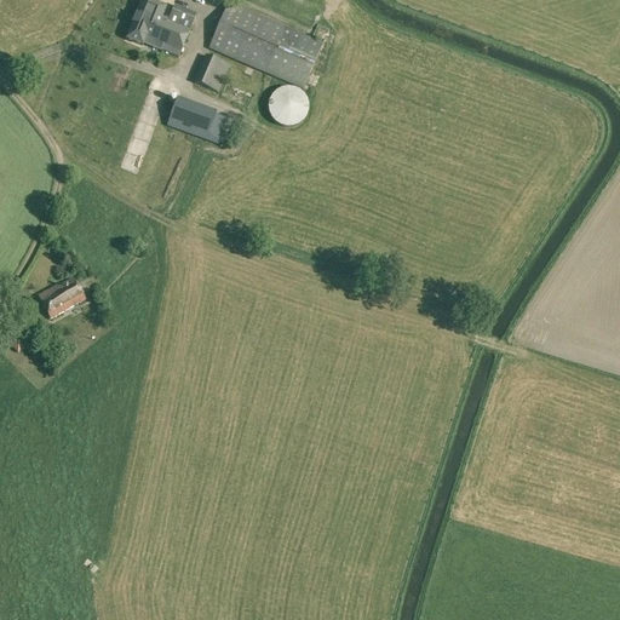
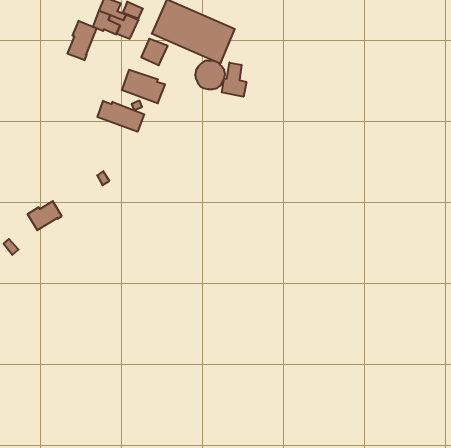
building: none -> [68,21,96,60]
building: none -> [222,62,246,97]
building: none -> [97,101,144,132]

